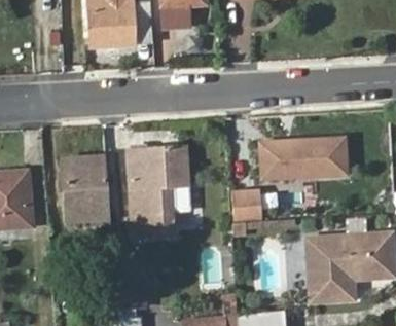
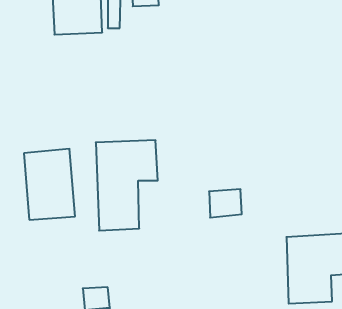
building: [260,138,351,181] -> none

